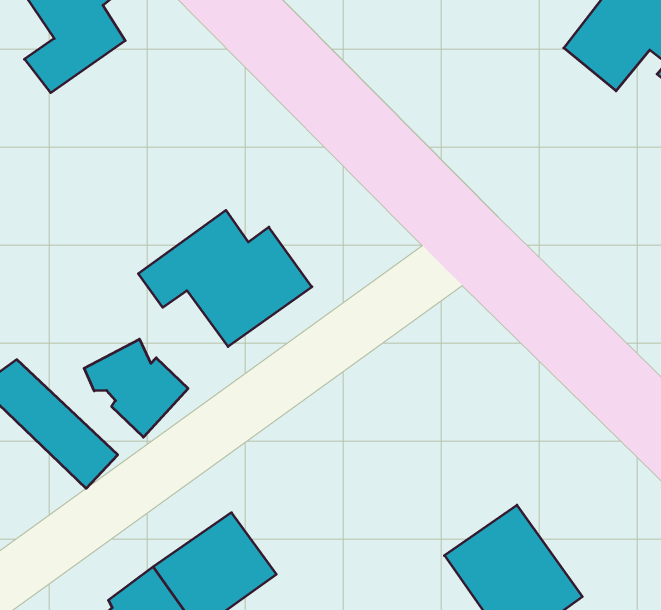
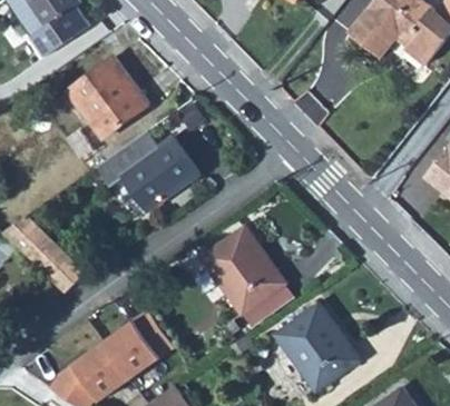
building: none -> [68,57,147,137]
building: [84,339,188,437] -> none
building: none -> [203,225,286,313]

